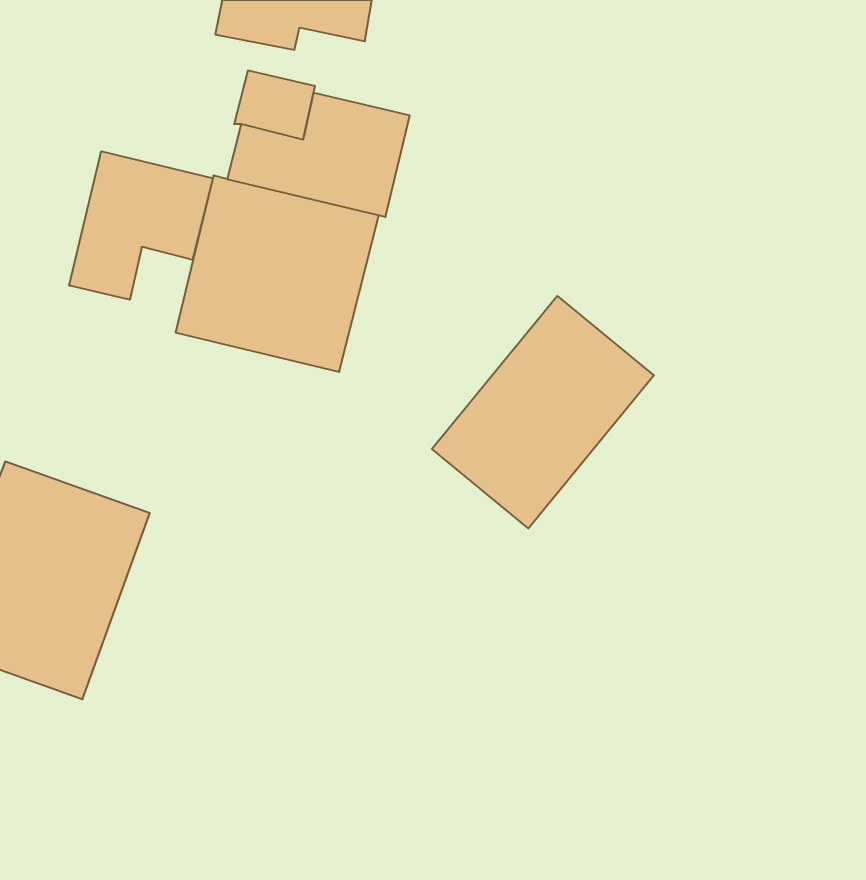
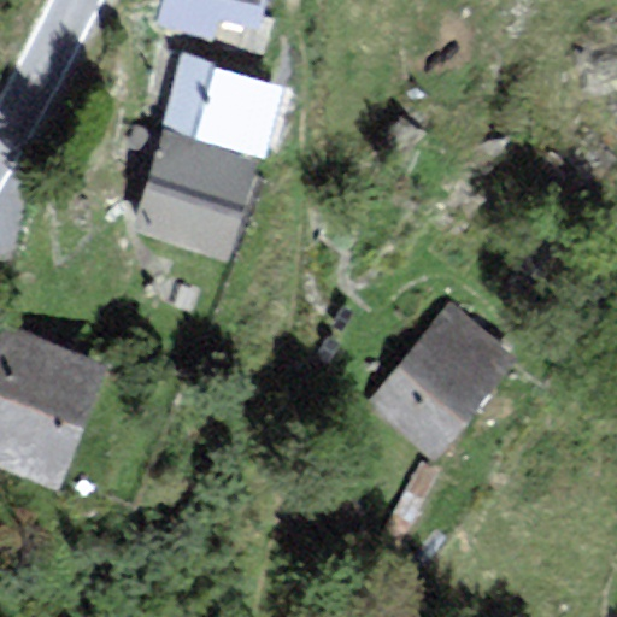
building: [69,151,213,300] -> none
building: [432,296,654,528] -> [368,299,523,462]

